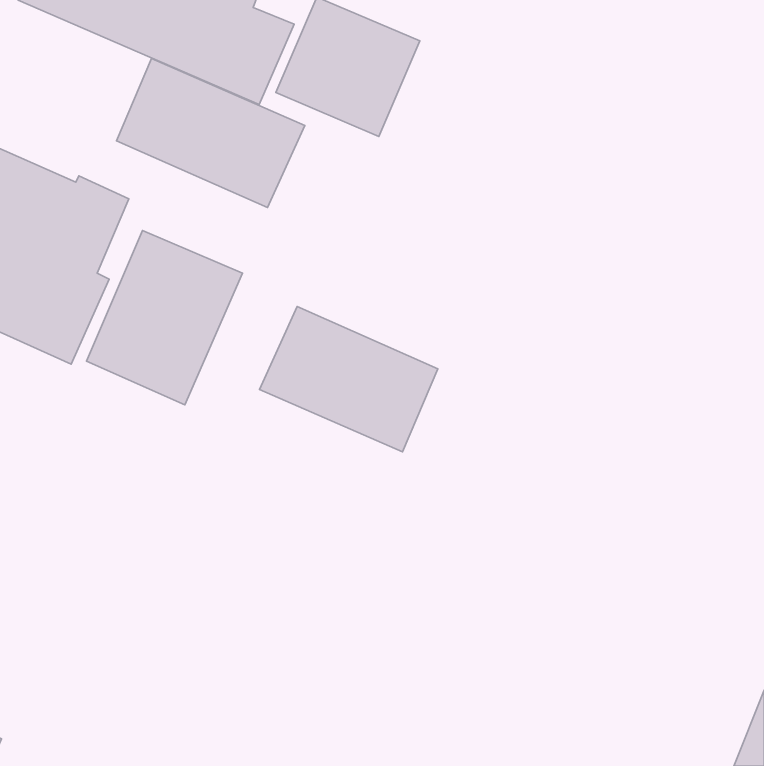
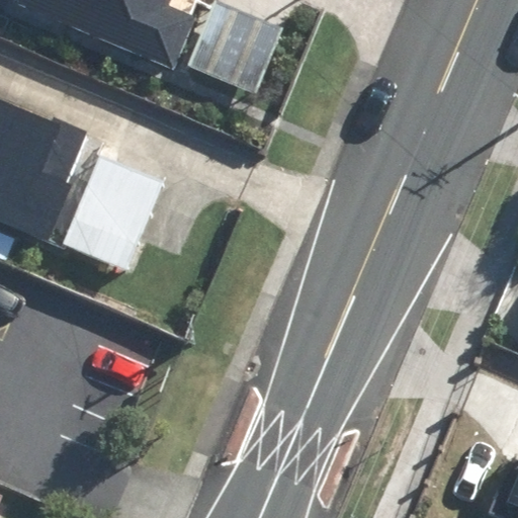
building: [117,59,305,208] -> none
building: [260,307,438,452] -> none

